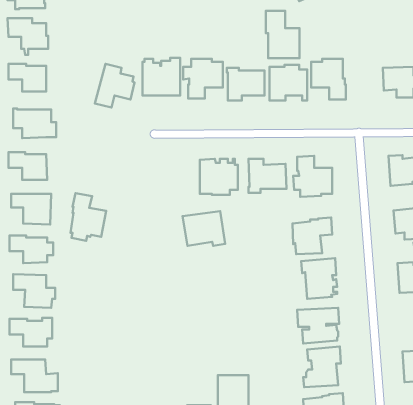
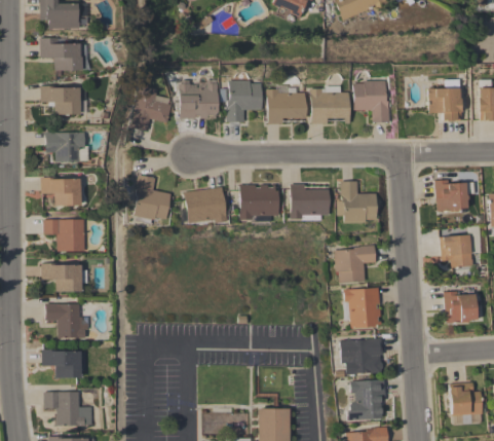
building: [266,11,300,58] -> none
building: [70,193,106,241] -> [134,175,170,224]
building: [182,211,225,246] -> [183,187,227,223]

